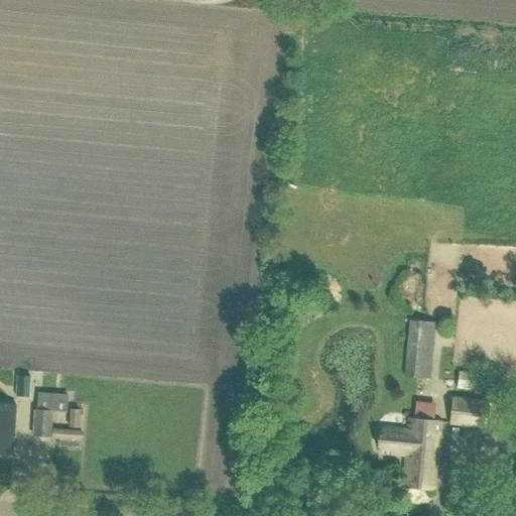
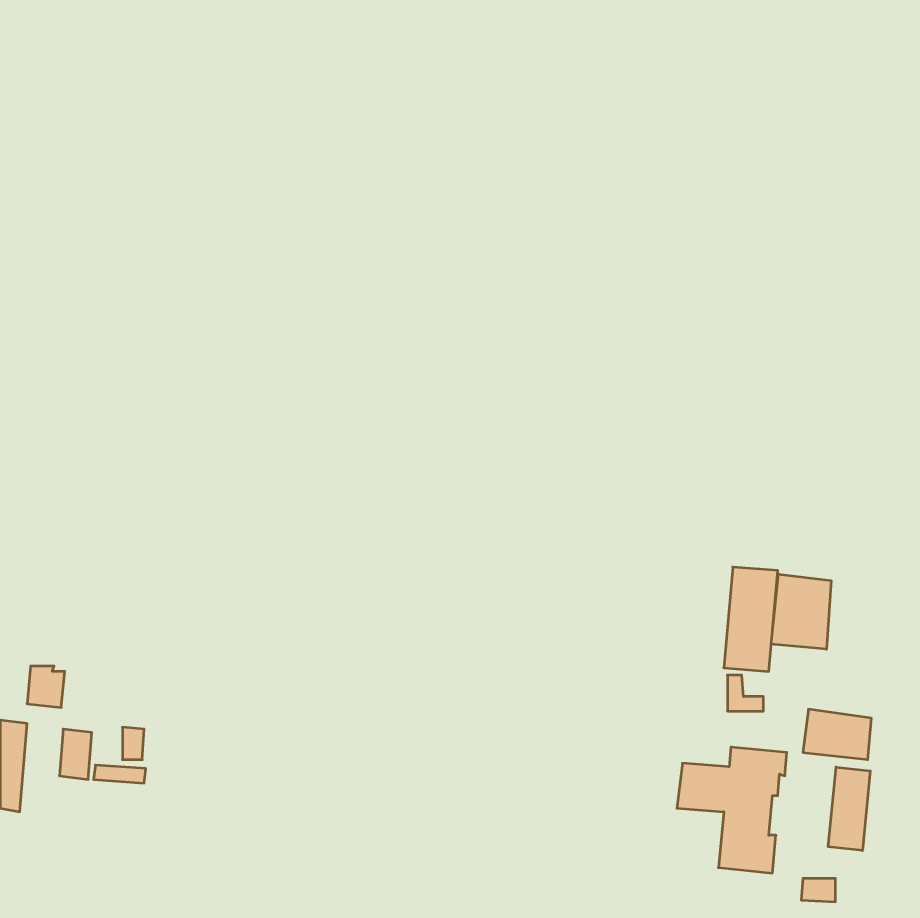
building: none -> [771,574,831,649]
building: [36,391,68,410] -> none
building: none -> [828,767,870,851]

